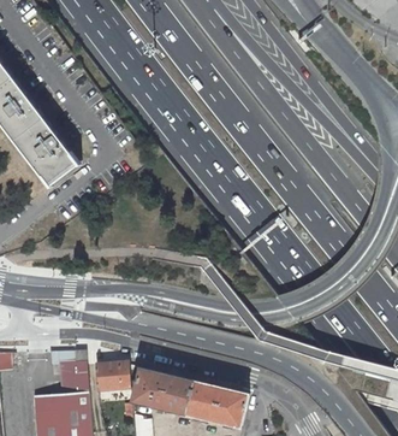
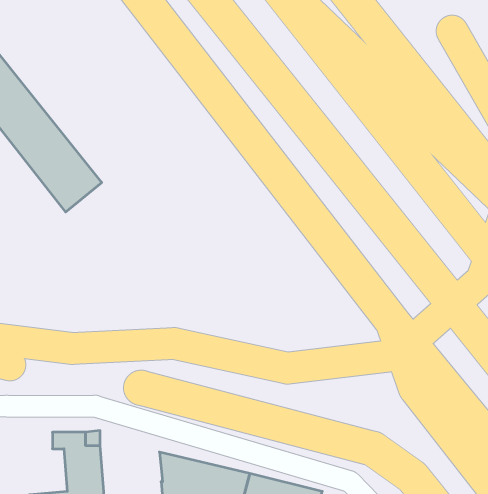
building: [94,361,130,391] -> none

